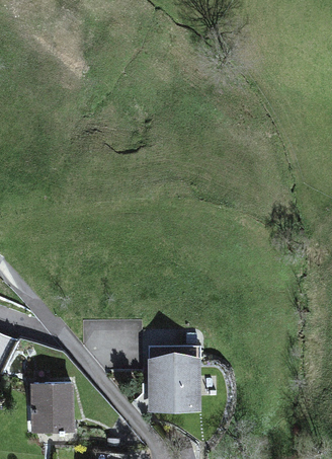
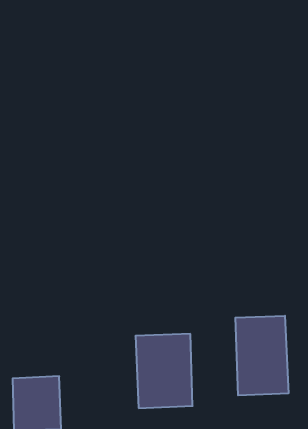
building: none -> [235,316,288,395]

